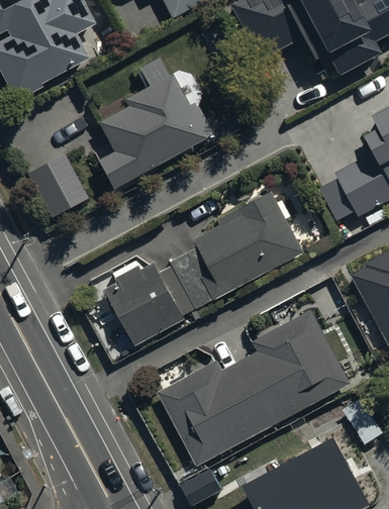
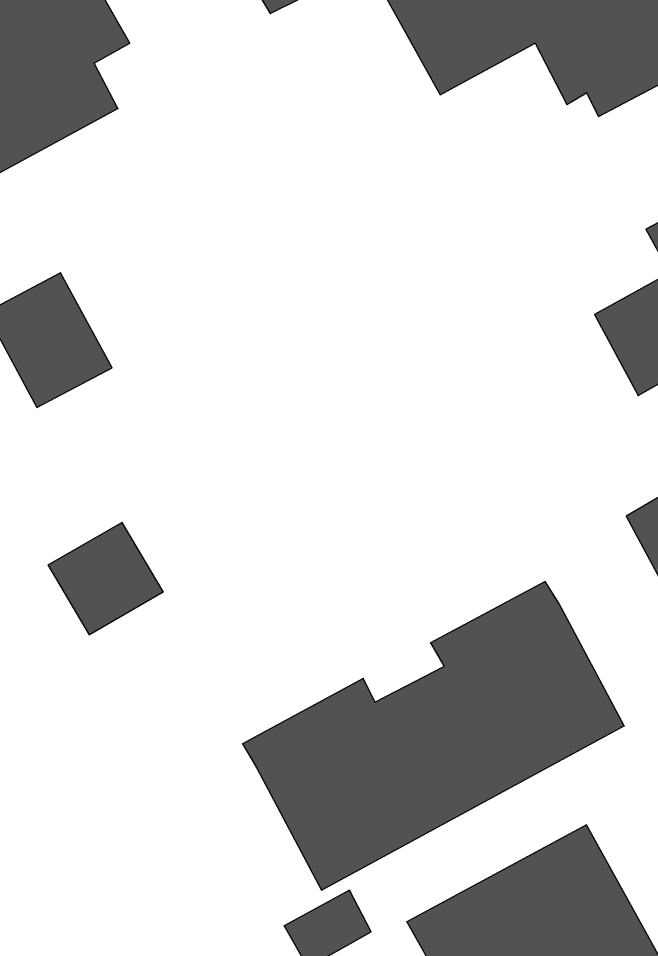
building: [94,70,212,188] -> none
building: [104,188,304,344] -> none
building: none -> [48,522,163,635]

